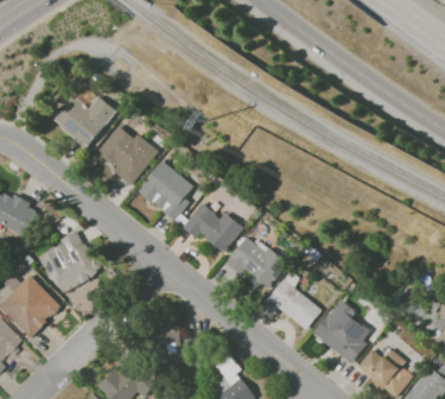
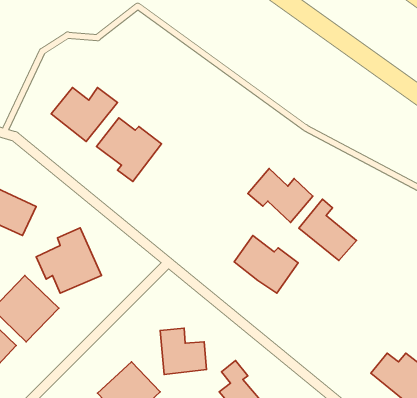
building: [136,160,193,220] -> none
building: [182,202,243,253] -> [248,169,313,222]
building: [267,271,322,329] -> [299,199,356,261]
building: [312,298,369,363] -> none

